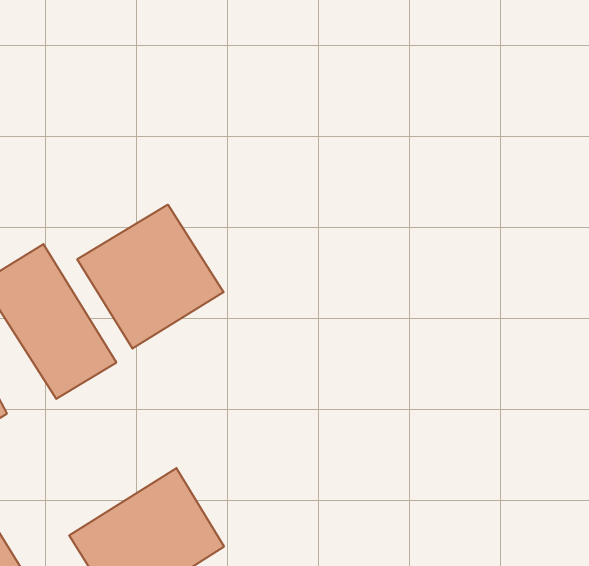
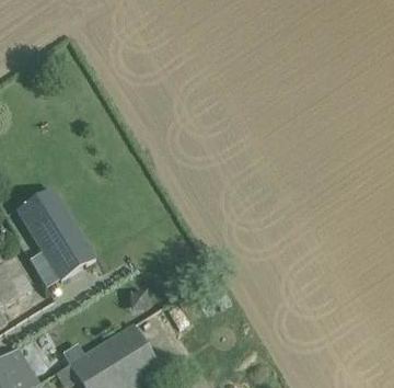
building: [77,205,224,349] -> none

